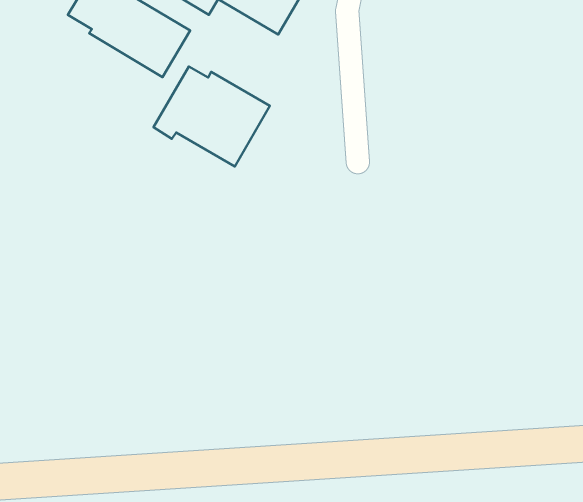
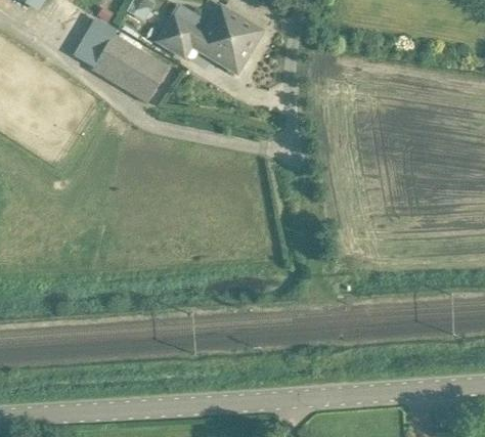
building: [154,66,270,166] -> none

